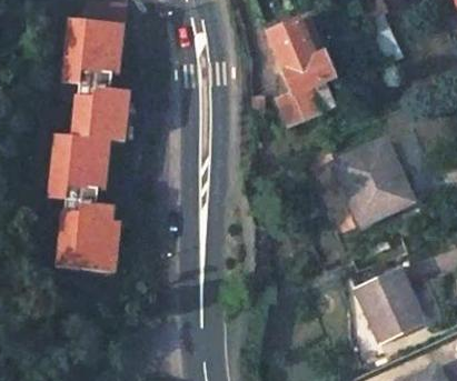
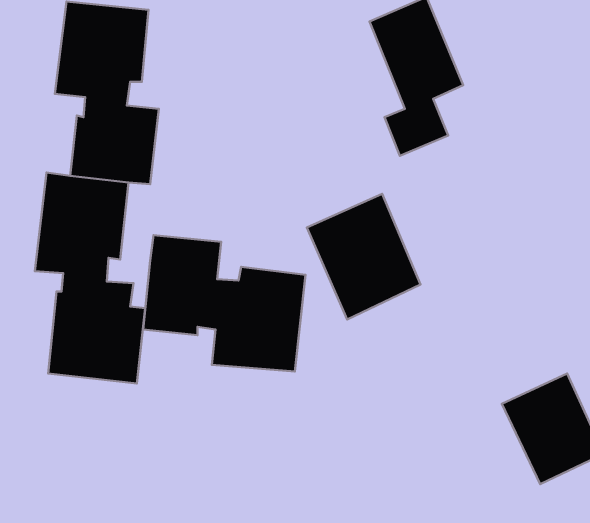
building: [335,139,410,222] -> [307,194,421,320]
building: none -> [143,235,306,371]

